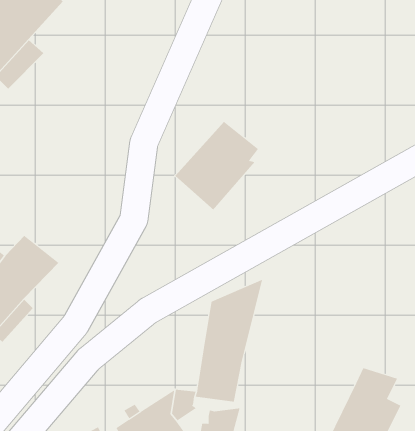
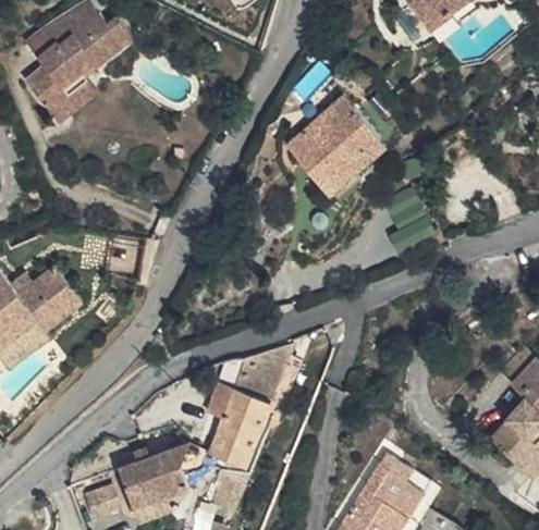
building: [175,121,259,210] -> [278,100,369,192]

